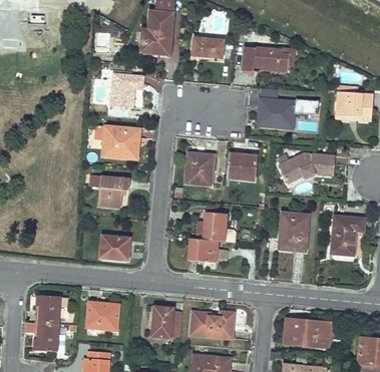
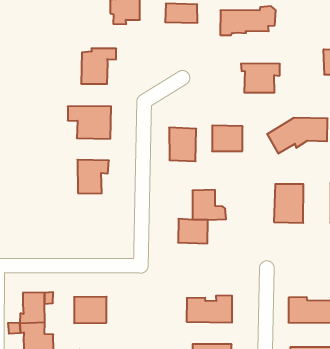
building: [99,235,129,260] -> none
building: [151,307,181,338] -> none

